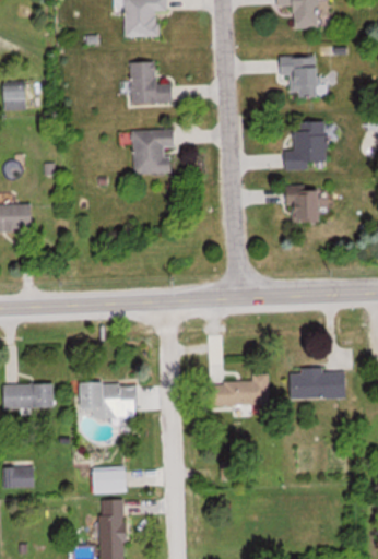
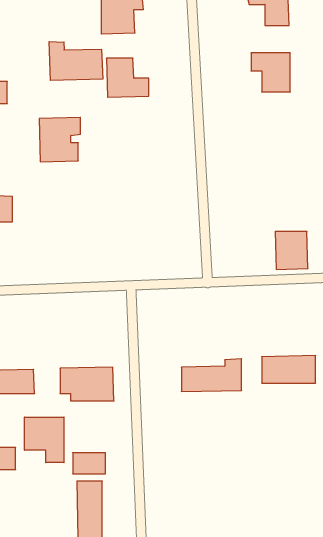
building: none -> [49,42,103,80]
building: [284,122,328,170] -> none
building: [132,129,175,175] -> [39,117,80,162]
building: [288,187,322,226] -> [275,231,308,269]
building: none -> [25,417,64,463]

